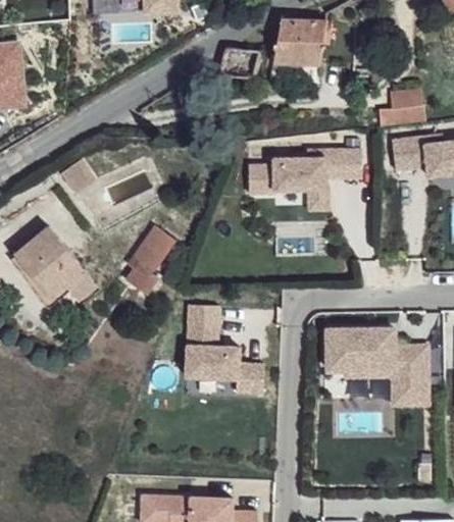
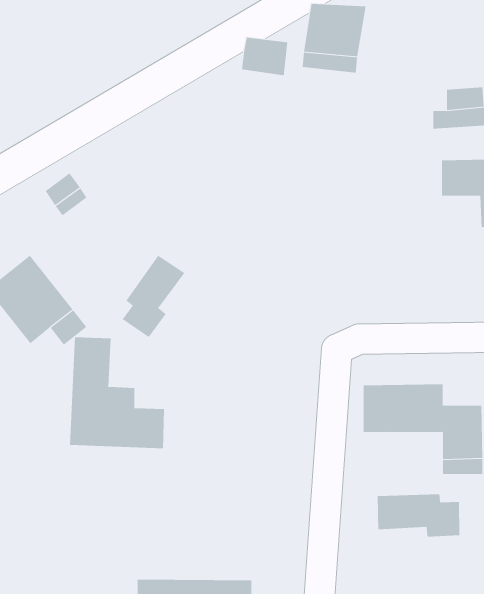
building: [334,146,362,176] -> none
building: [245,155,329,203] -> none
building: [185,305,263,397] -> [69,337,165,449]
building: none -> [377,494,460,538]

